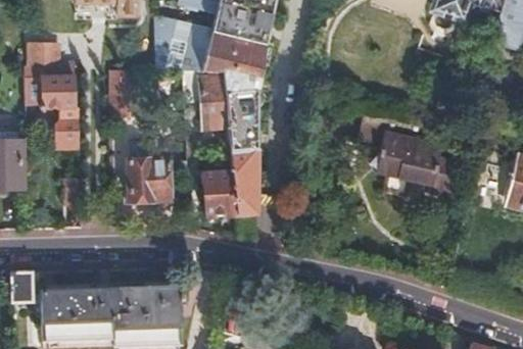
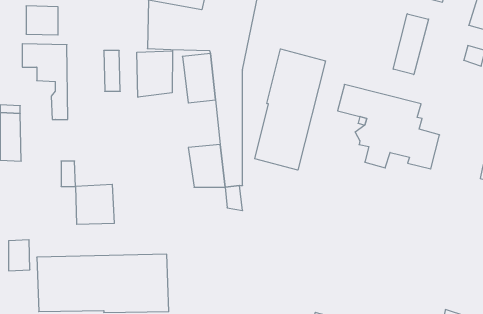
building: none -> [393,14,429,75]
building: none -> [255,49,325,170]
building: none -> [137,51,173,97]
building: [127,157,168,199] -> [76,184,114,224]

